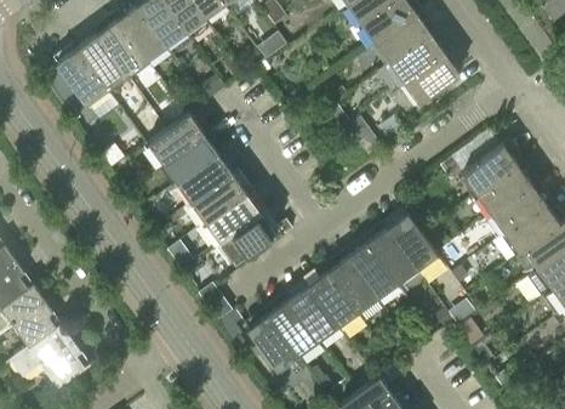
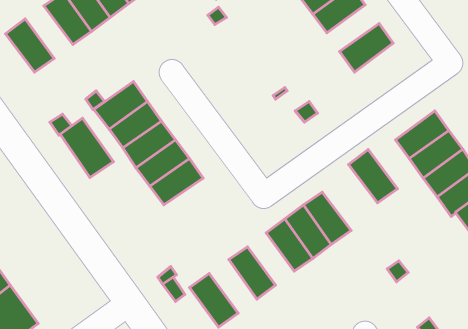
building: [389,34,444,83] -> none
building: [75,35,125,90] -> none
building: none -> [60,118,113,178]
building: [384,214,435,269] -> [348,149,397,203]
building: [219,215,275,263] -> none
building: [307,272,355,326] -> none
building: [267,300,316,356] -> none

